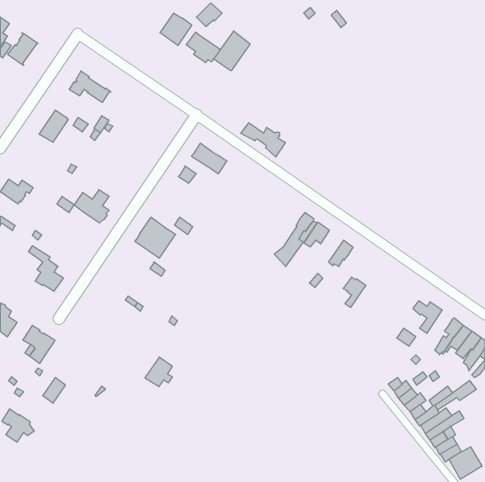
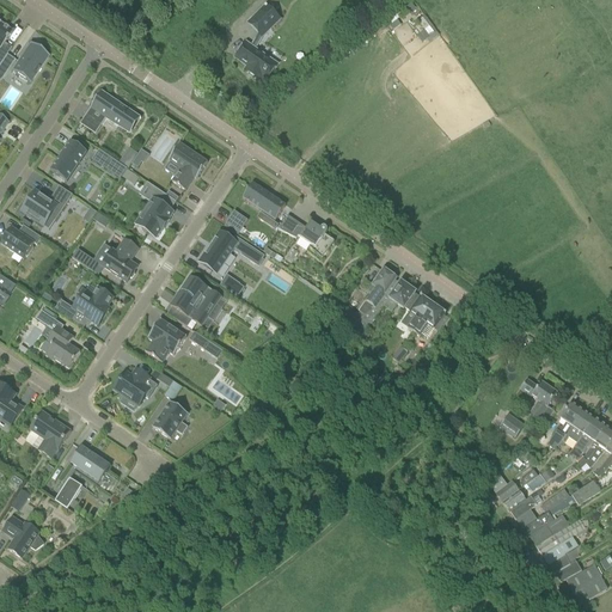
building: [160,13,192,45] -> none
building: [214,31,250,71] -> none
building: none -> [169,142,208,189]
building: [241,123,285,157] -> [277,214,333,257]
building: none -> [136,180,176,235]
building: none -> [22,184,72,224]
building: none -> [198,231,264,271]
building: none -> [54,287,112,328]
building: none -> [145,318,186,362]
building: [343,277,366,307] -> [404,292,433,330]
building: none -> [114,367,157,404]
building: none -> [69,443,110,482]
building: [145,357,172,387] -> [152,400,186,437]

